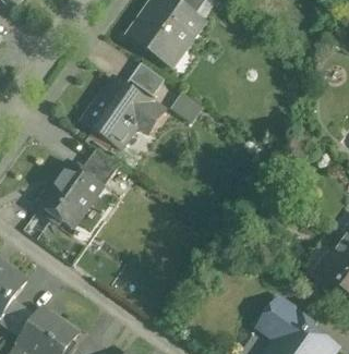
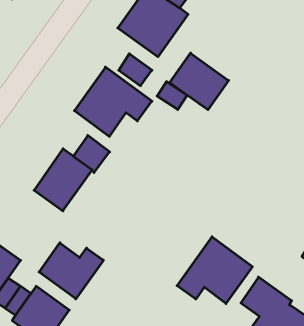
building: none -> [170,53,229,110]
building: none -> [177,237,252,304]
building: none -> [39,243,103,299]

